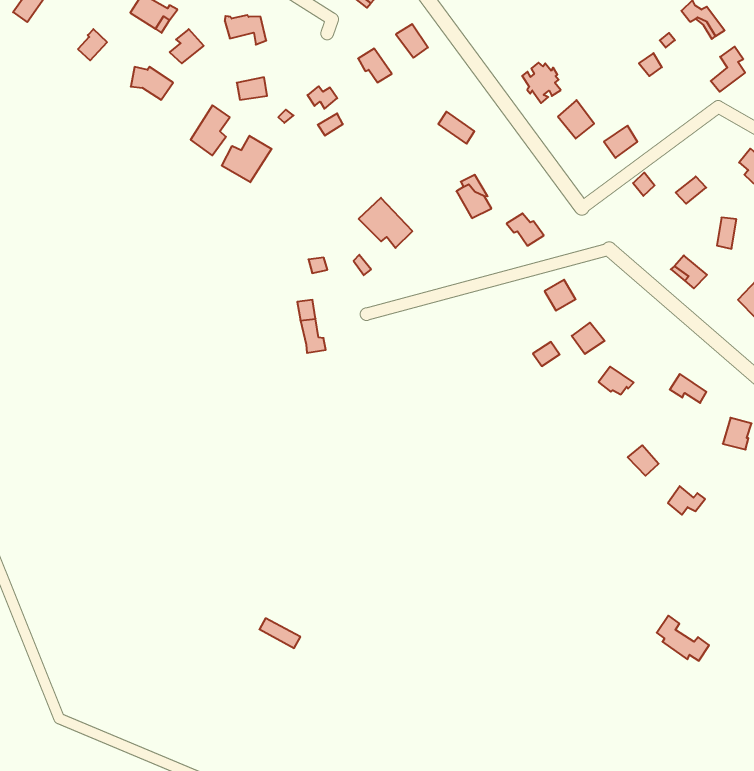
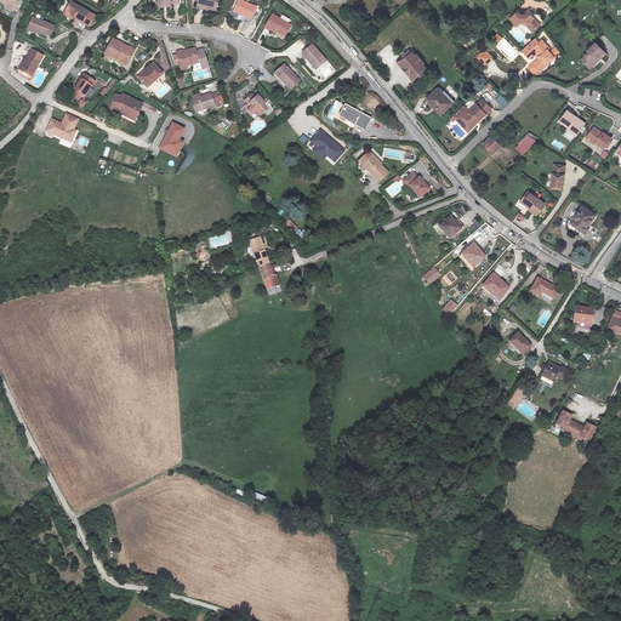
building: none -> [49,113,82,139]
building: [222,136,272,182] -> none
building: [359,198,412,248] -> [309,125,349,160]
building: [657,616,709,661] -> [549,408,588,438]

